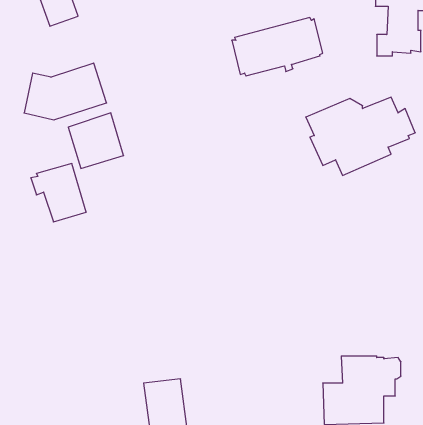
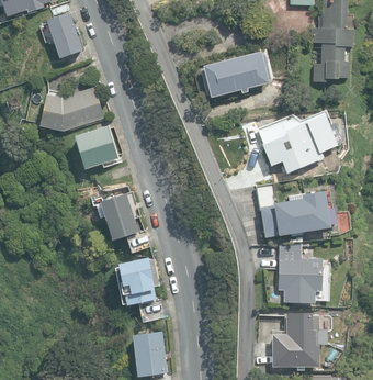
building: [31,164,86,222] -> [95,194,138,239]
building: none -> [256,185,337,238]
building: none -> [278,245,323,303]
building: none -> [120,260,156,321]

